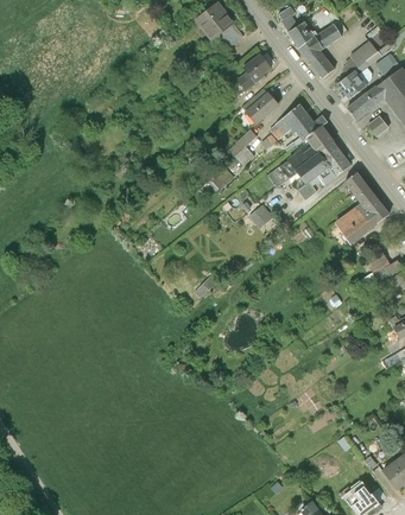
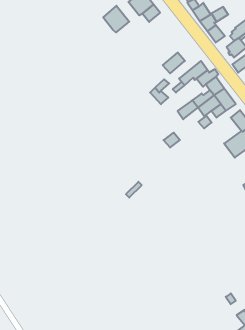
building: none -> [103,6,129,32]
building: [239,53,271,89] -> none

